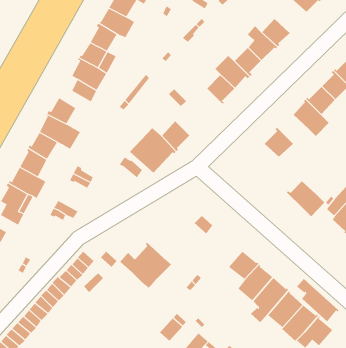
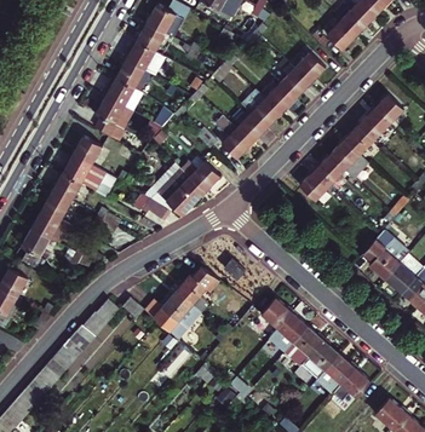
building: none -> [222,120,254,157]
building: [286,180,325,217] -> [311,155,352,194]
building: none -> [174,266,220,312]
building: [296,278,339,322] -> none

